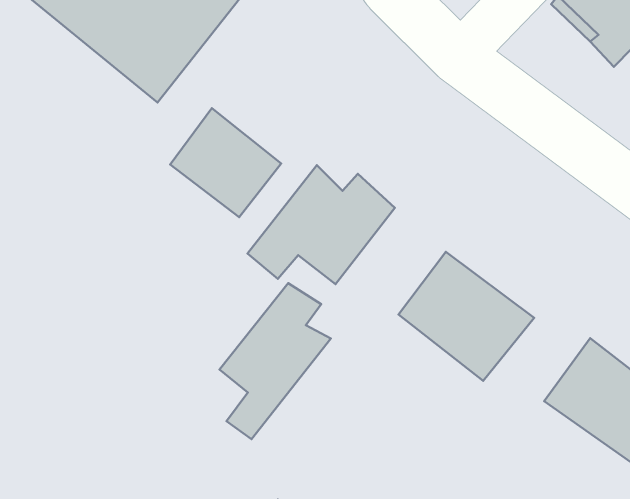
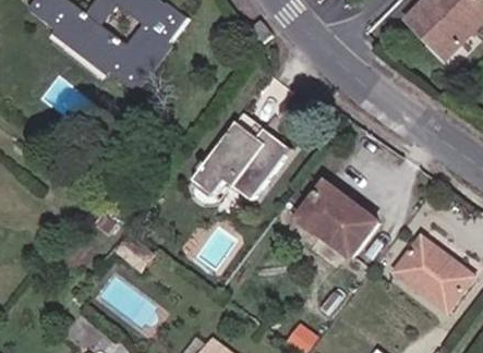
building: [170,108,281,217] -> none
building: [219,283,331,439] -> none

